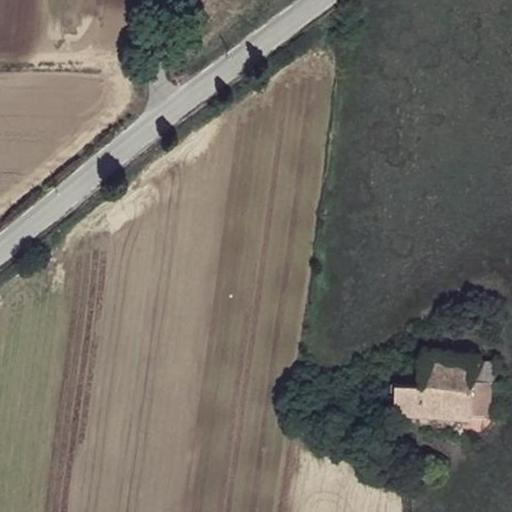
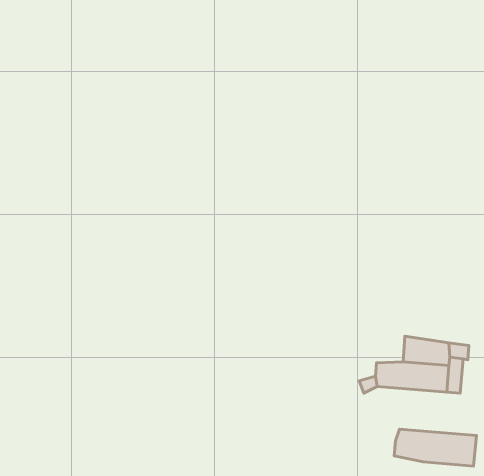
building: none -> [394,429,476,466]

